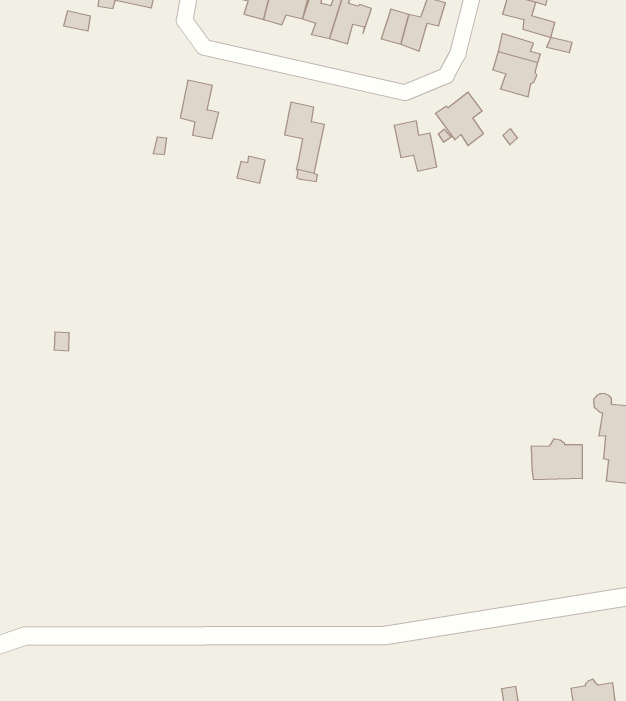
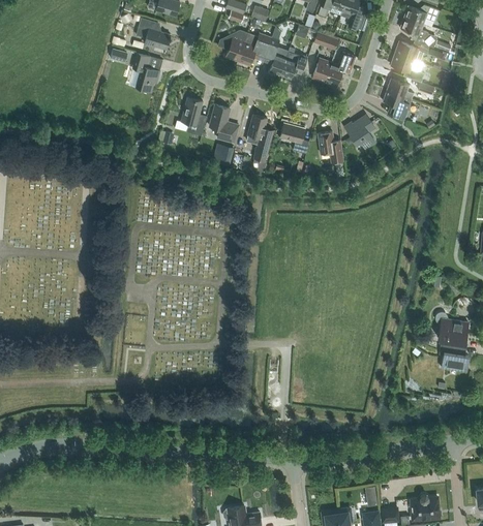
building: none -> [132,52,160,91]
building: none -> [210,103,239,142]
building: none -> [280,122,309,153]
building: [531,439,582,480] -> none

